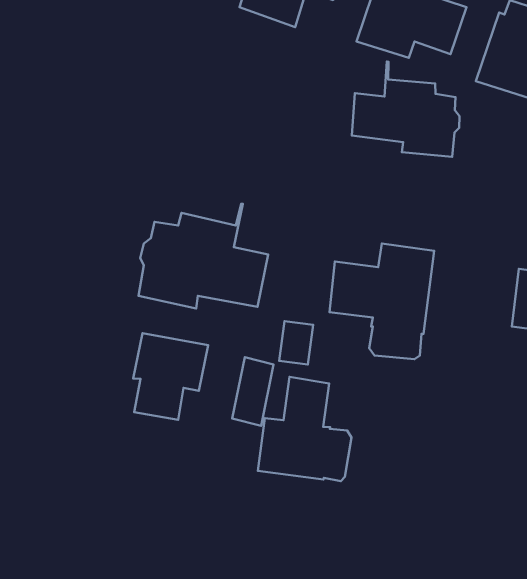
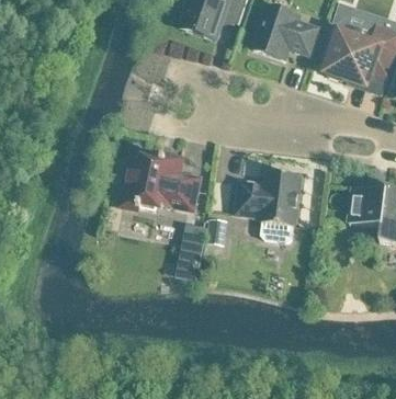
building: [352,61,459,157] -> none
building: [133,333,208,420] -> none
building: [258,377,351,481] -> none

